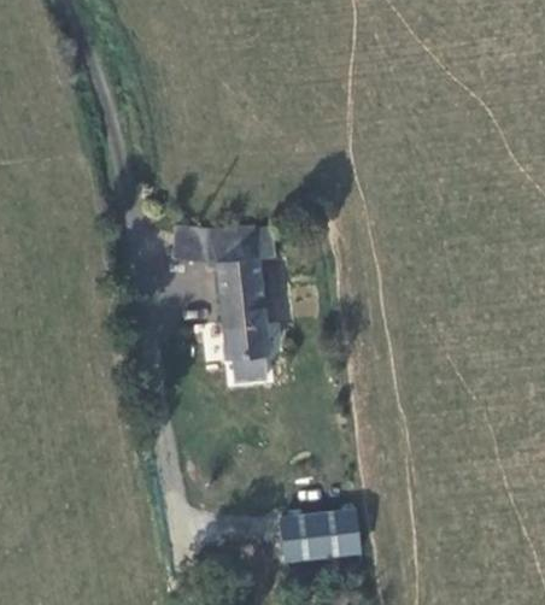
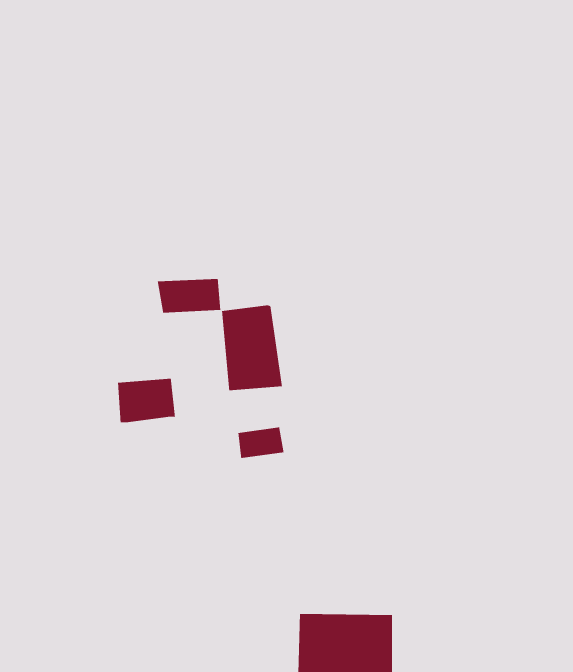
building: [215,228,276,260] -> none
building: [223,323,271,360] -> [117,378,176,423]

